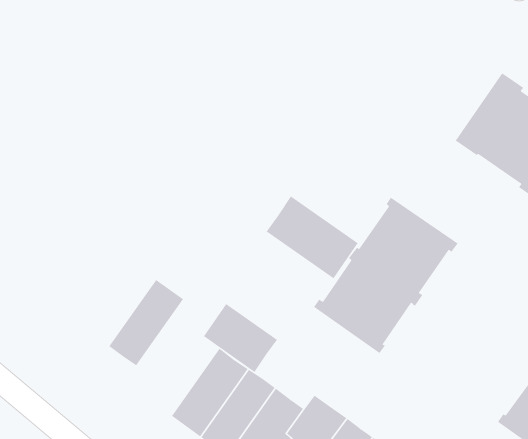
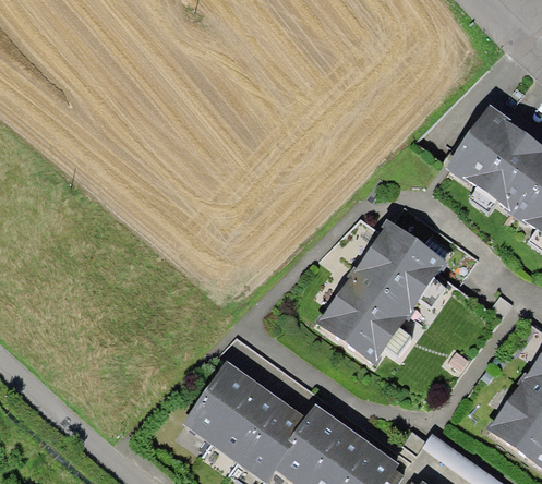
building: [266,195,358,279] -> none
building: [109,279,184,366] -> none
building: [203,303,278,373] -> none

